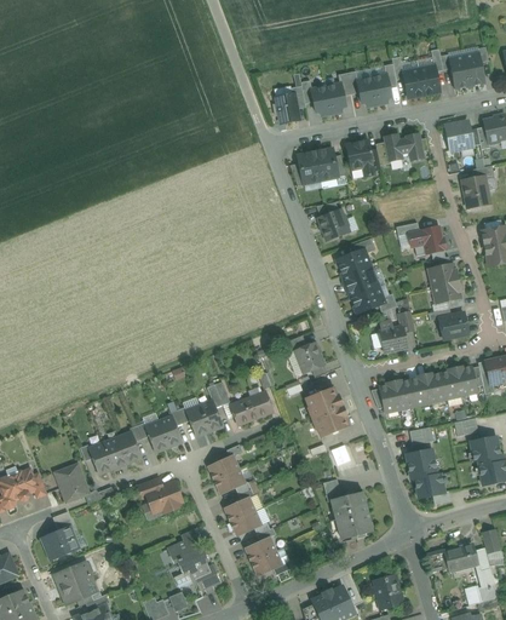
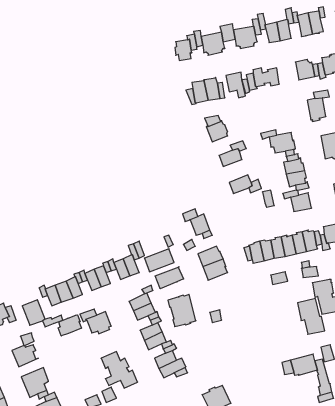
building: [343,265,378,298] -> none
building: [380,321,407,352] -> none
building: none -> [155,267,184,289]
building: [406,448,444,499] -> [298,299,325,334]
building: none -> [58,315,81,336]
building: [332,493,372,539] -> [168,294,196,327]
building: [373,575,403,609] -> none

